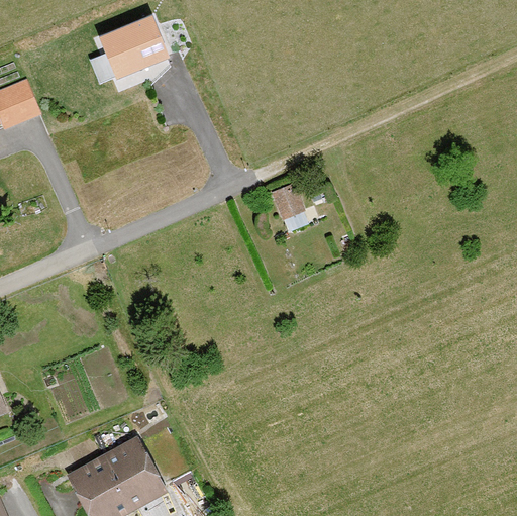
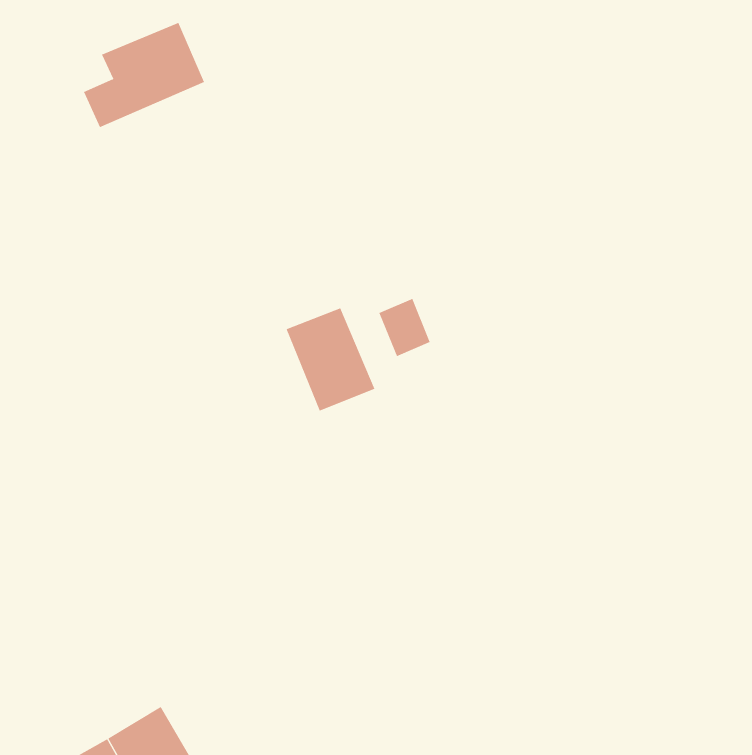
building: none -> [286,307,375,412]

